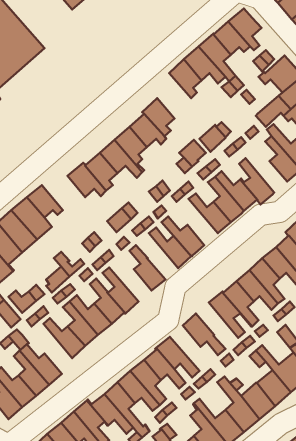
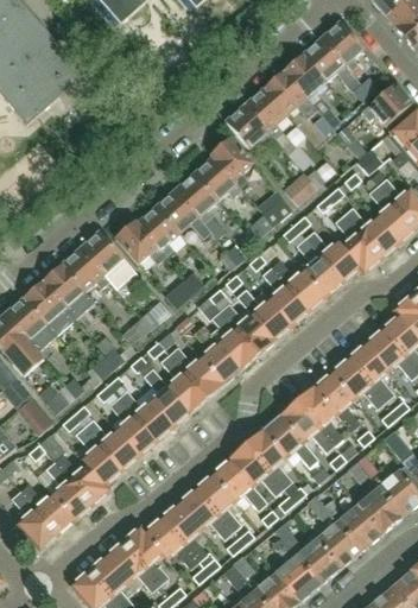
building: none -> [226,106,273,148]
building: none -> [343,208,397,259]
building: none -> [81,232,135,290]
building: none -> [261,267,308,327]
building: none -> [210,311,256,370]
building: none -> [167,348,222,399]
building: none -> [279,400,334,452]
building: none -> [75,428,120,492]
building: none -> [246,430,291,488]

